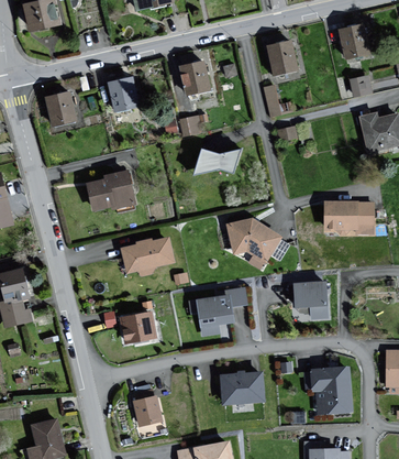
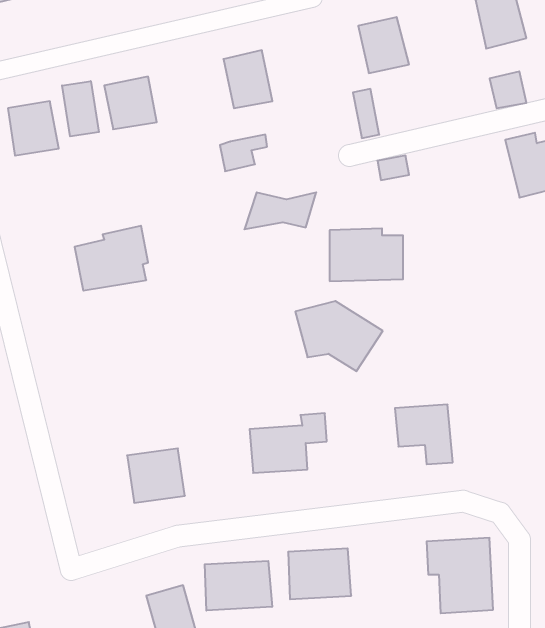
building: none -> [62,81,99,136]
building: [325,200,372,233] -> [330,228,403,281]
building: [122,238,176,273] -> none
building: none -> [205,561,272,611]

